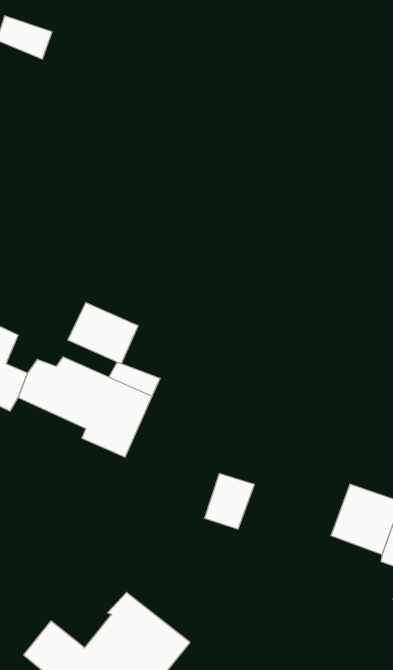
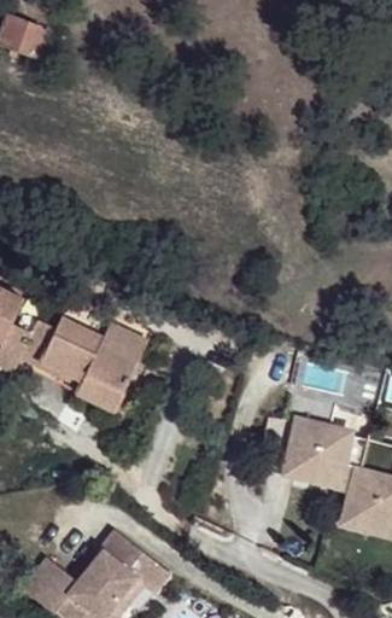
building: [68,303,138,364] -> none
building: [204,474,254,529] -> [270,422,315,472]

